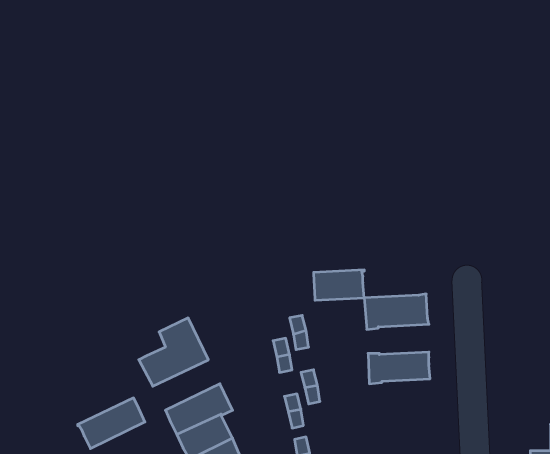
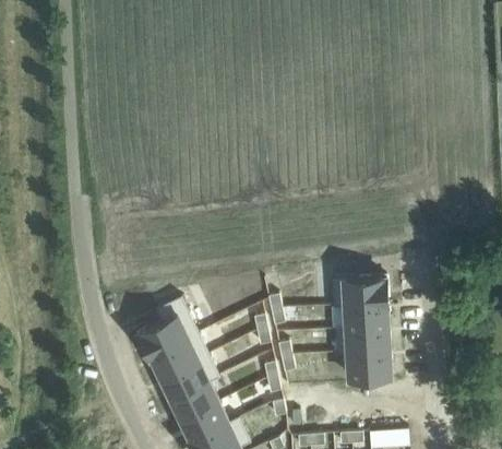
building: [314,270,364,300] -> [344,305,387,331]
building: none -> [347,352,390,380]
building: [78,398,145,449] -> [150,335,207,379]

